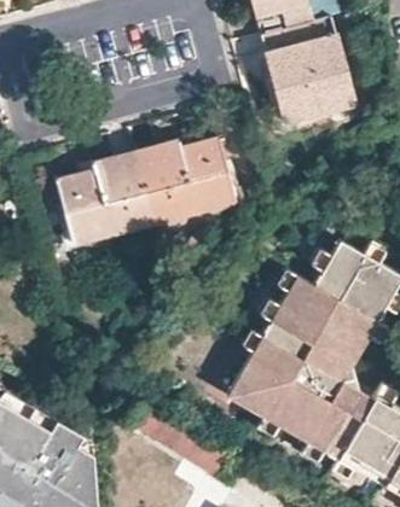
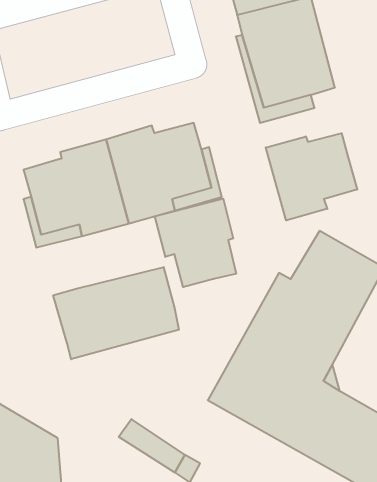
building: none -> [266,133,357,220]
building: none -> [155,199,236,287]
building: none -> [53,267,179,359]

